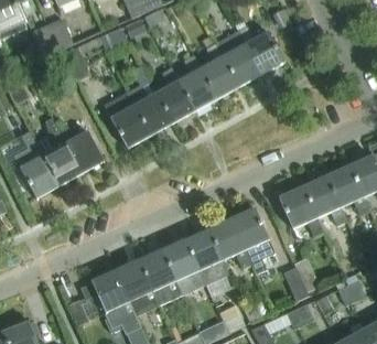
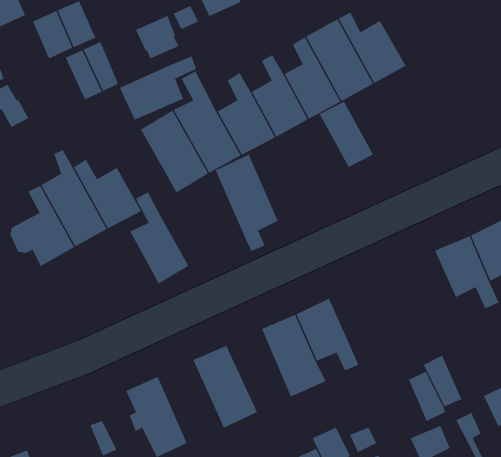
building: none -> [119,56,197,121]
building: none -> [319,101,374,168]
building: none -> [130,191,189,284]
building: [279,185,323,235] -> none
building: [231,206,274,272] -> [215,154,279,252]
building: [162,238,205,294] -> none
building: [116,259,160,315] -> none

